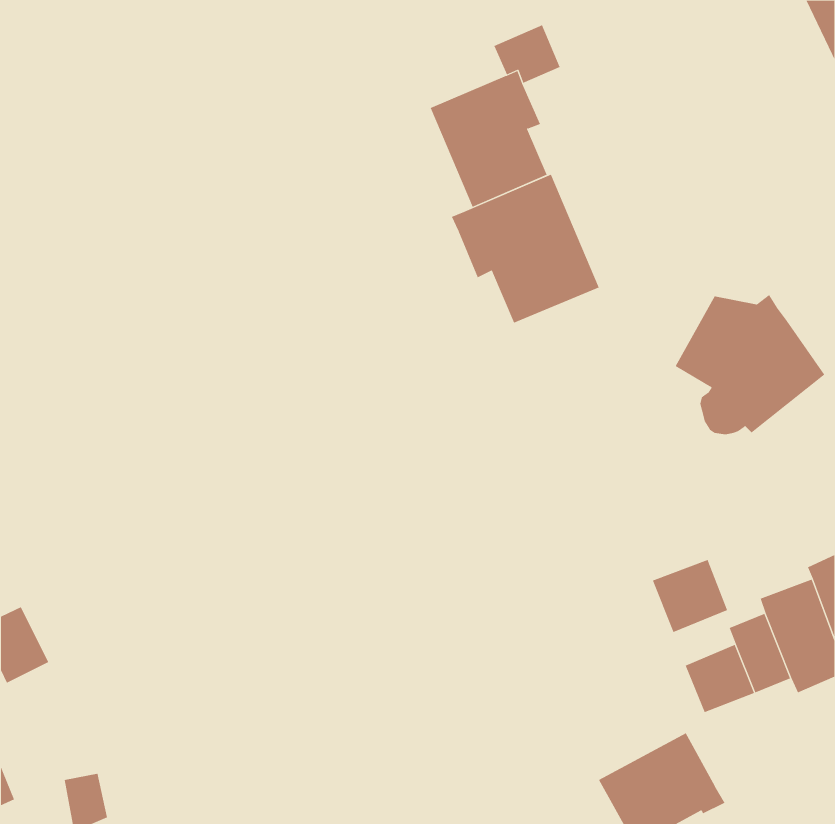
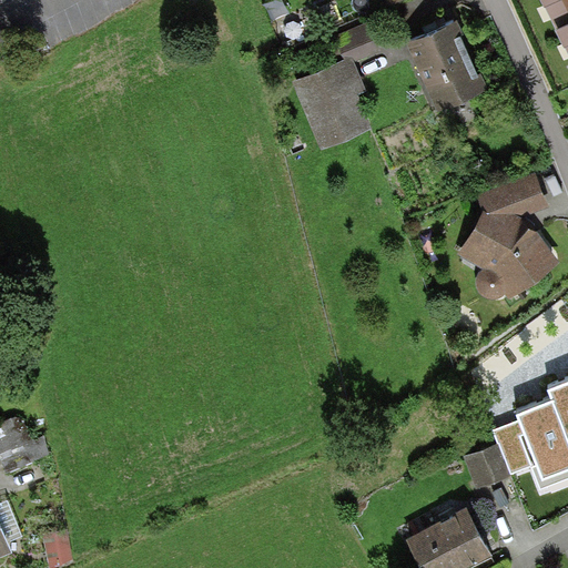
building: none -> [406,19,486,110]
building: [451,174,600,324] -> none
building: none -> [480,174,549,216]
building: [652,559,728,633] -> none

